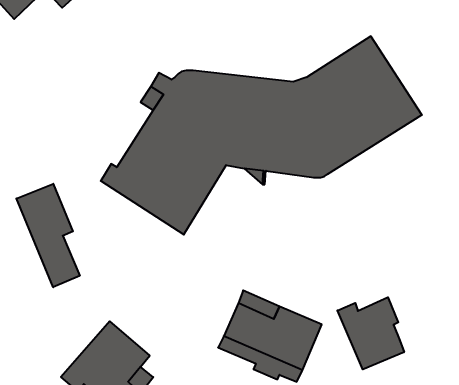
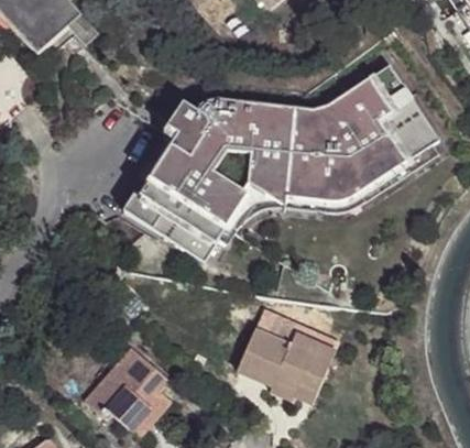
building: [16,184,80,287] -> none
building: [337,297,404,369] -> none

